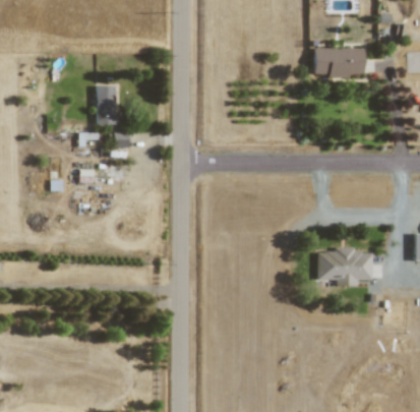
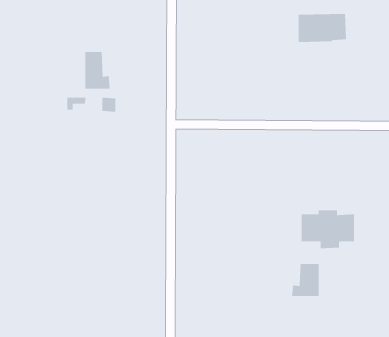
building: none -> [292,263,319,297]

